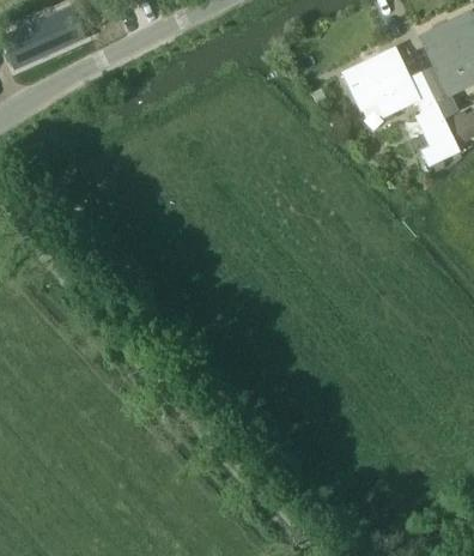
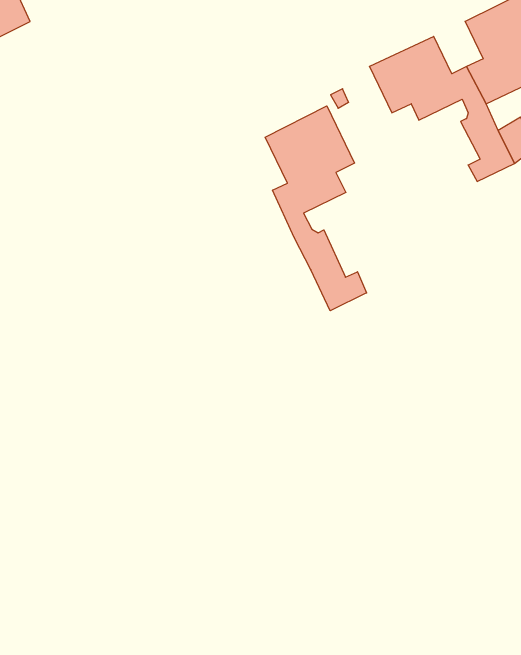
building: none -> [265,106,367,311]

